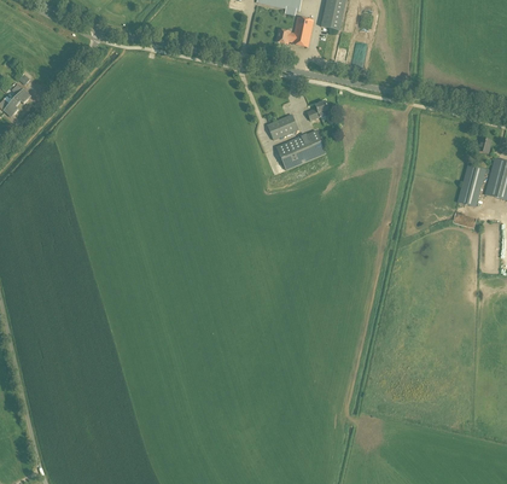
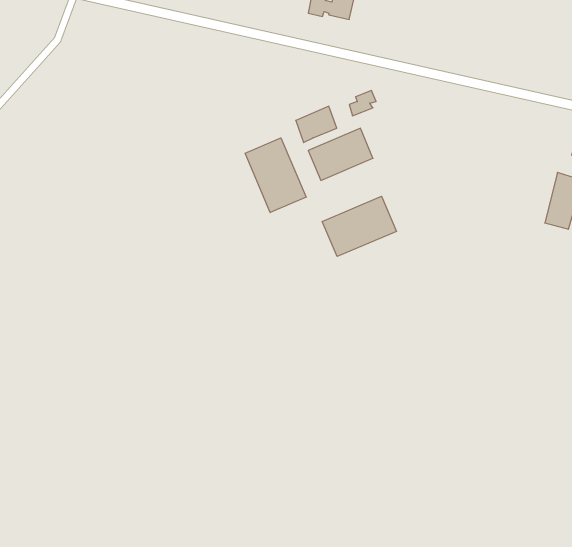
building: none -> [245,138,306,213]
building: none -> [322,196,396,256]

